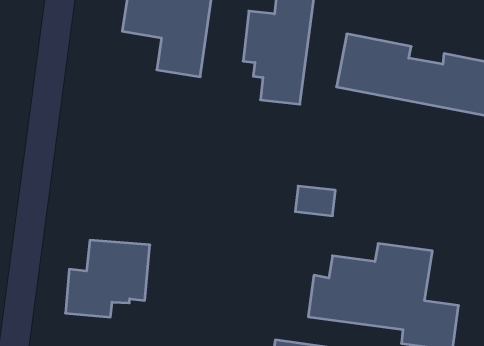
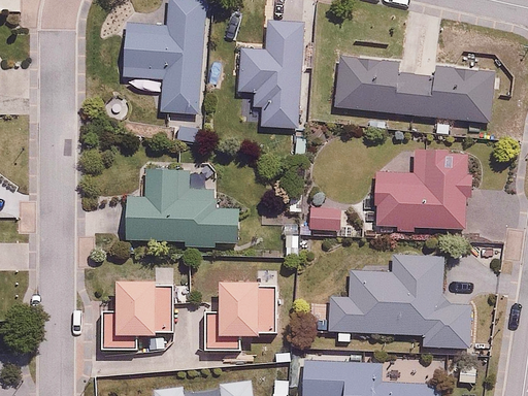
building: none -> [125,166,238,249]
building: none -> [372,154,470,229]
building: none -> [200,282,278,355]

